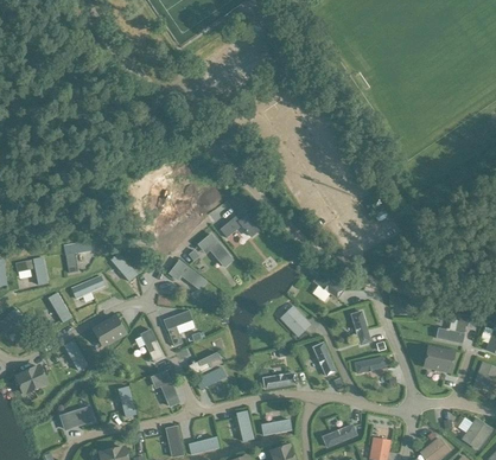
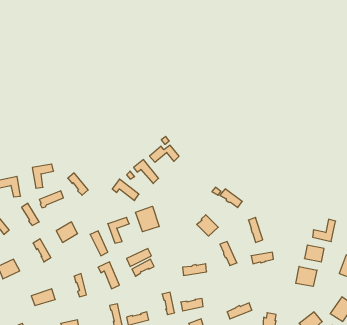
building: none -> [135,206,159,232]
building: none -> [296,266,317,286]

